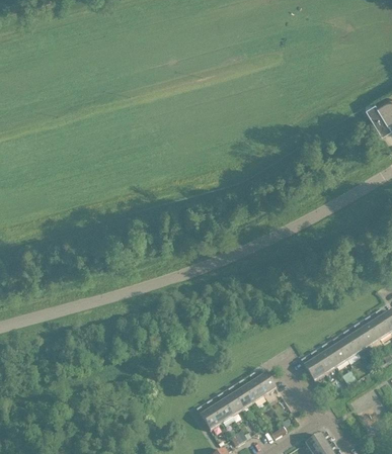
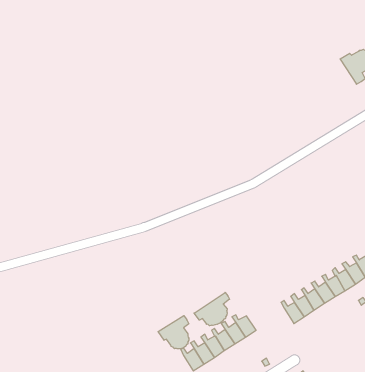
building: none -> [194,292,230,326]
building: none -> [158,316,189,349]

